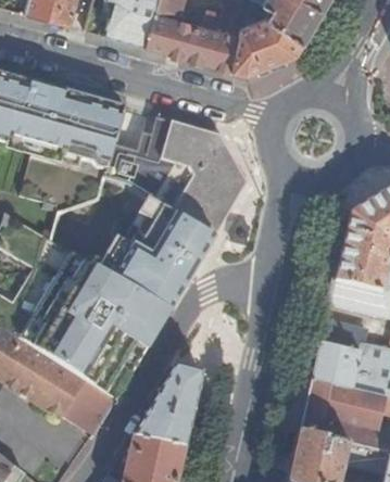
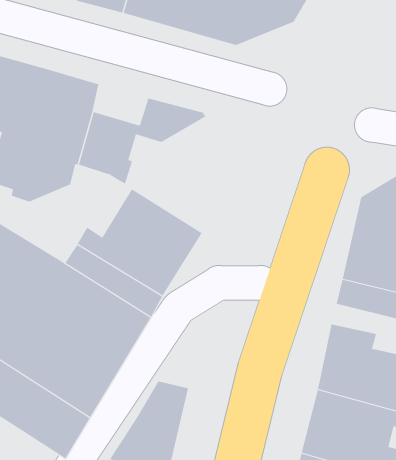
building: [148,136,249,238] -> none

